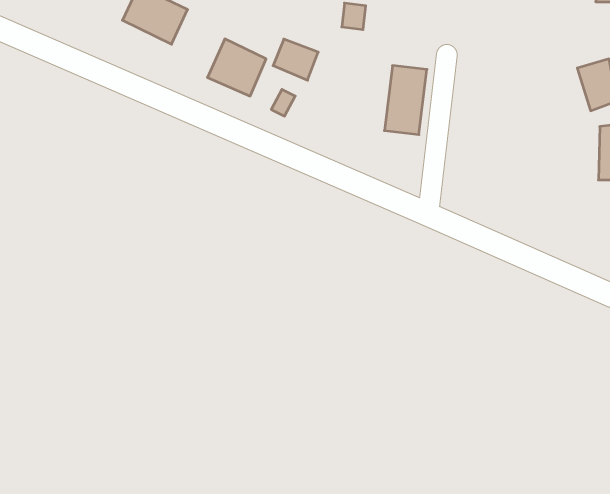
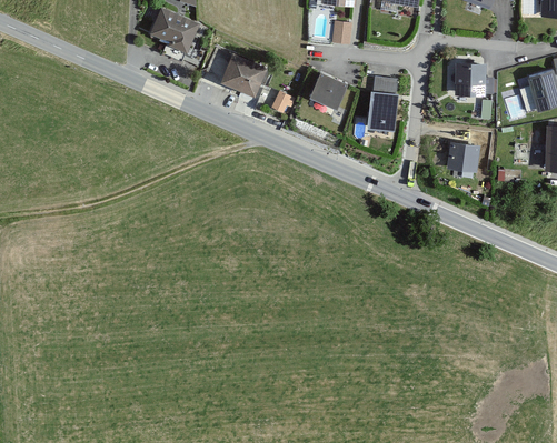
building: [273,39,318,80] -> [311,73,349,108]
building: none -> [455,66,487,99]
building: none -> [448,145,480,175]

